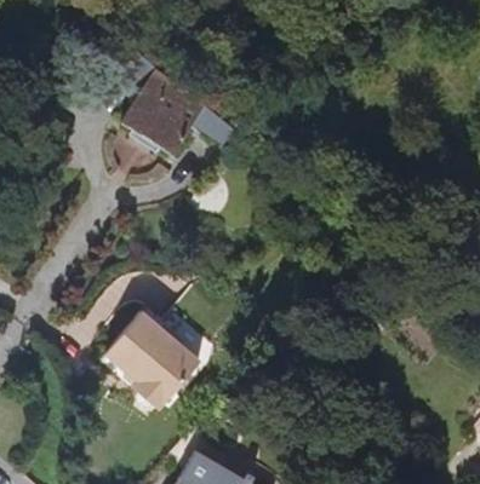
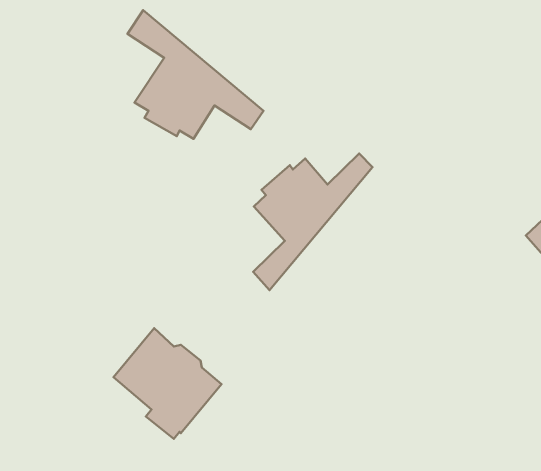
building: none -> [253,153,372,290]

